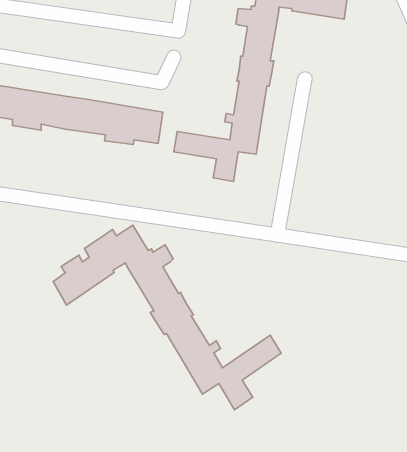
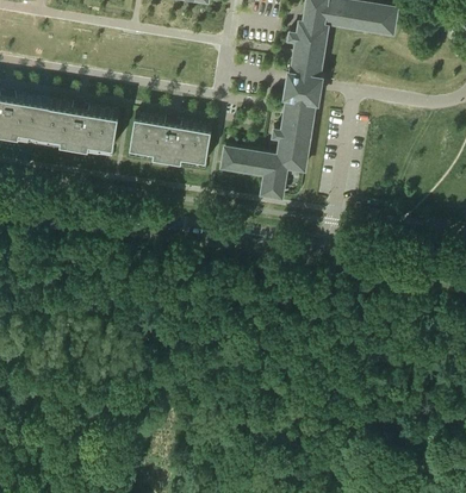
building: [53,225,281,410] -> none

